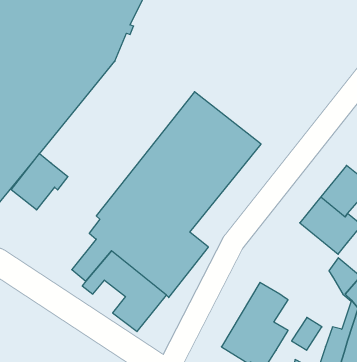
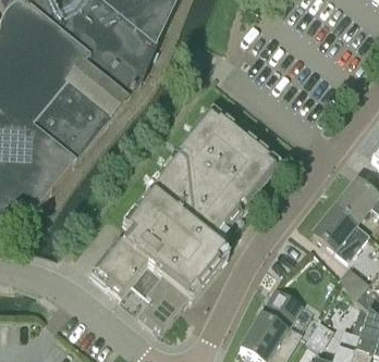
building: [11,154,68,210] -> none

